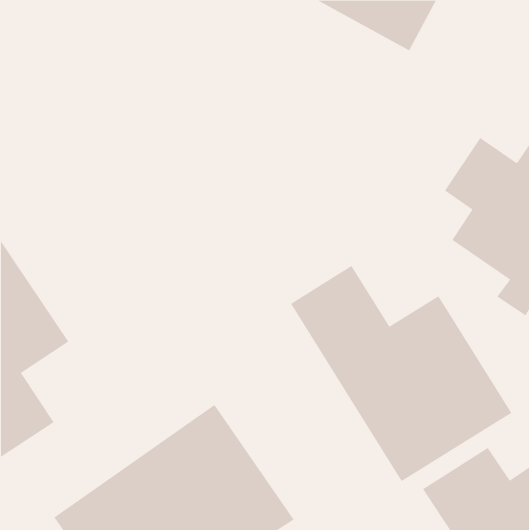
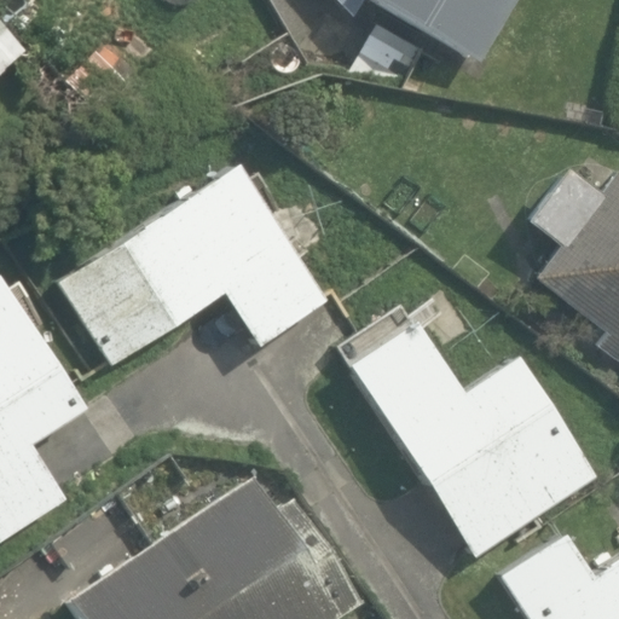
building: none -> [56,158,331,364]

